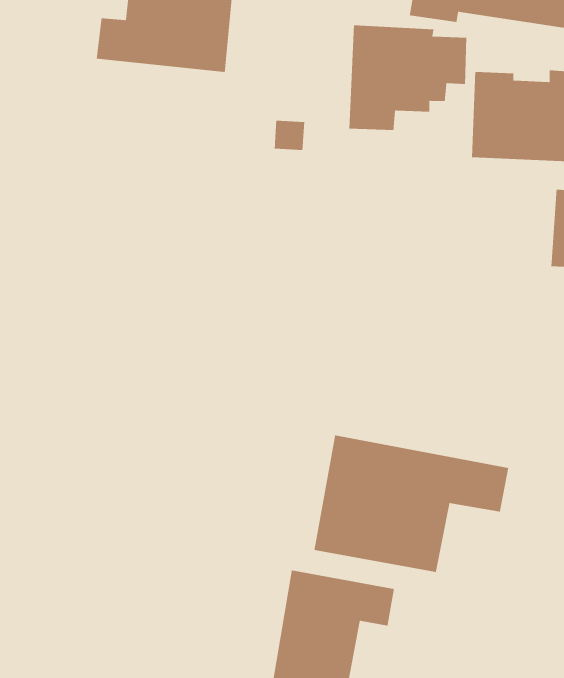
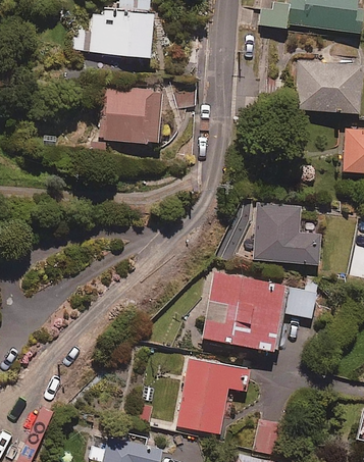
building: [348,24,467,131] -> none
building: none -> [102,87,162,144]
building: none -> [250,203,322,266]

